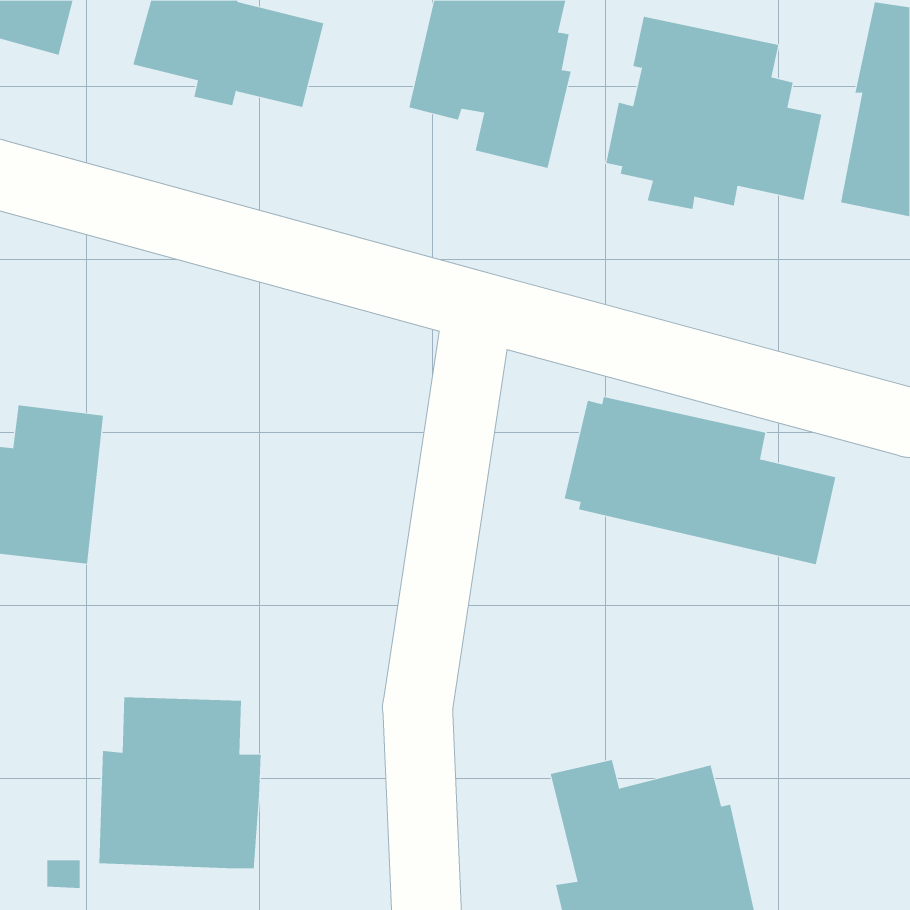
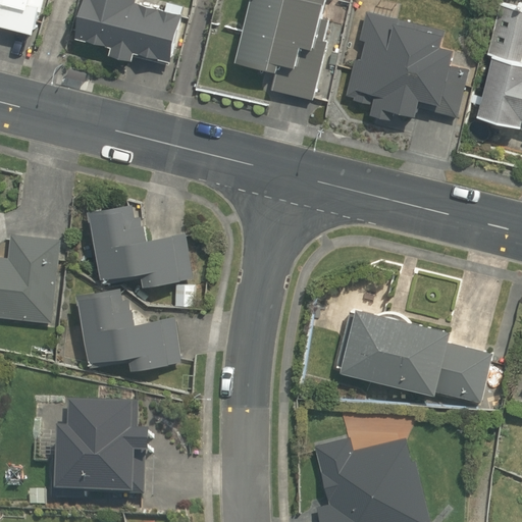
building: none -> [86,204,193,284]
building: [564,397,836,565] -> [335,309,490,405]
building: none -> [73,286,180,370]

